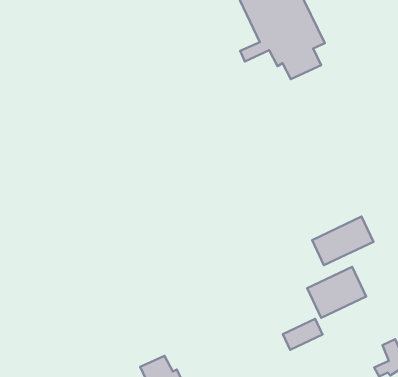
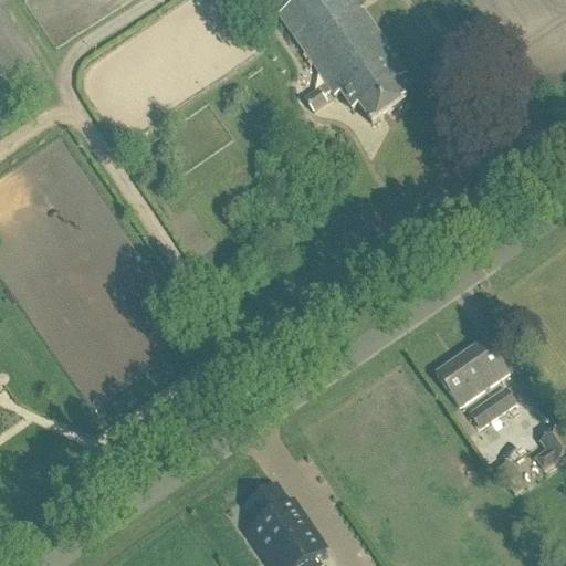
building: [312,217,373,265] -> none
building: [283,319,323,350] -> [469,384,517,427]

